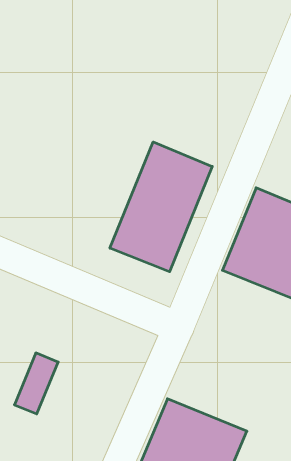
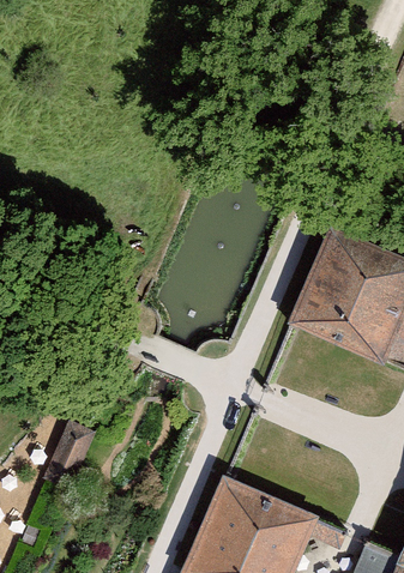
building: [110,142,212,272] -> none

